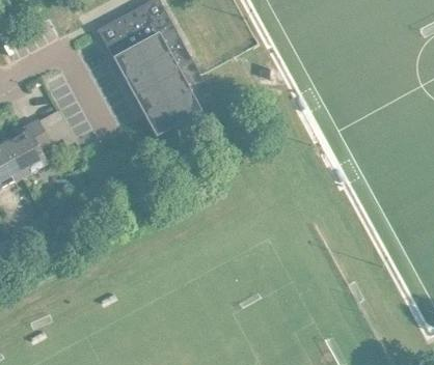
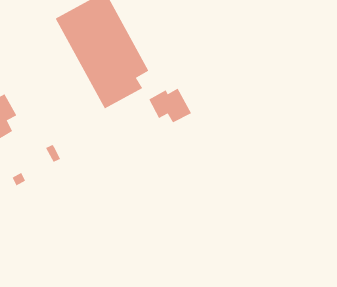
building: none -> [149,88,192,123]

